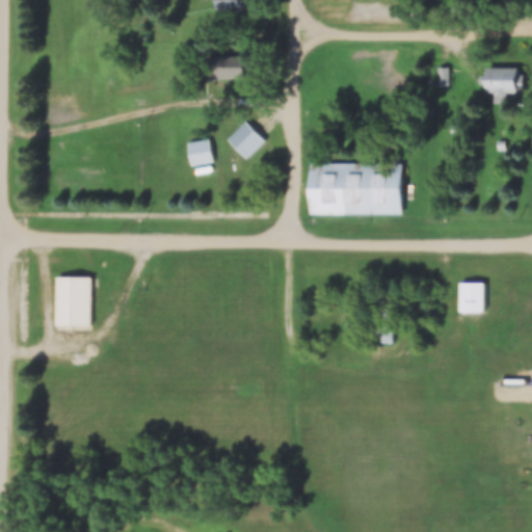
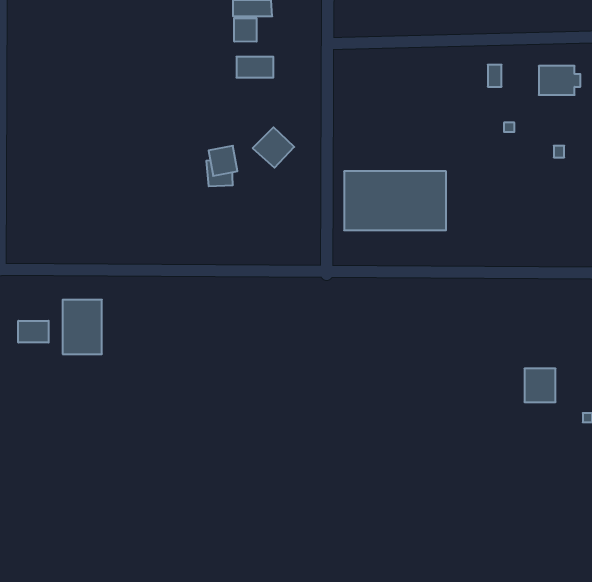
building: none -> [234,18,257,42]
building: [457,284,485,314] -> [524,369,556,402]
building: none -> [18,321,49,343]

